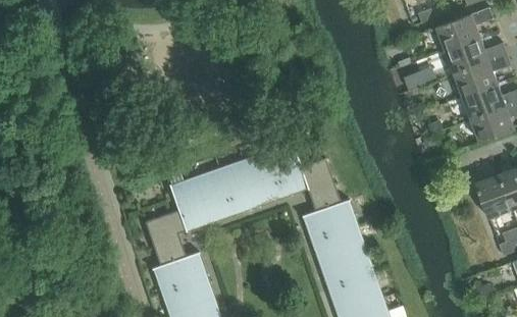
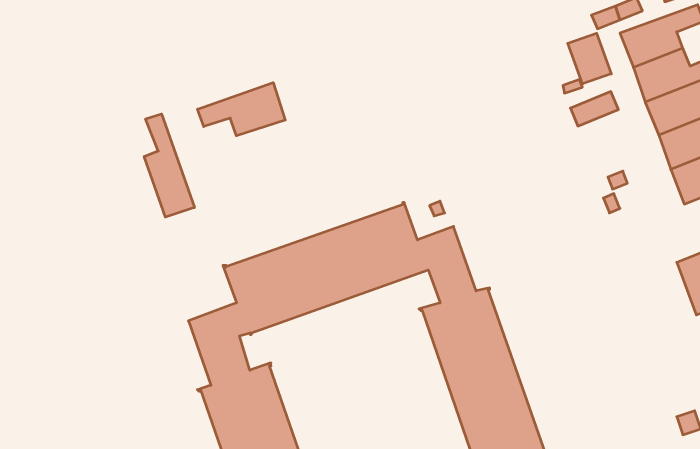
building: none -> [568,33,611,84]
building: none -> [198,83,285,136]
building: none -> [144,114,194,217]

